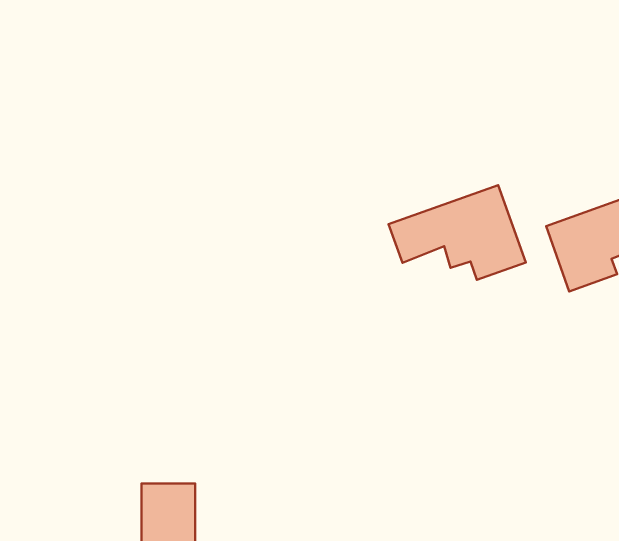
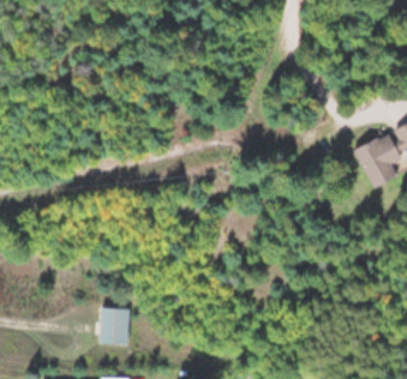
building: [388,185,526,280] -> none

